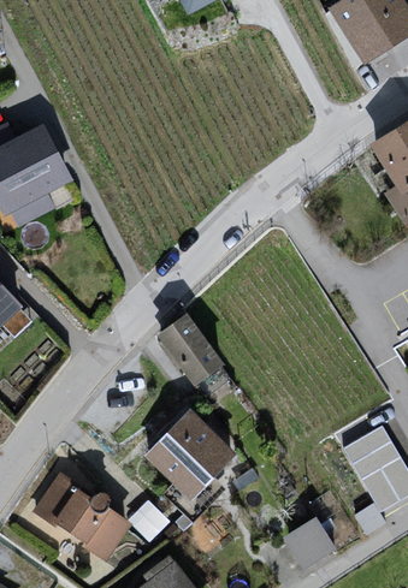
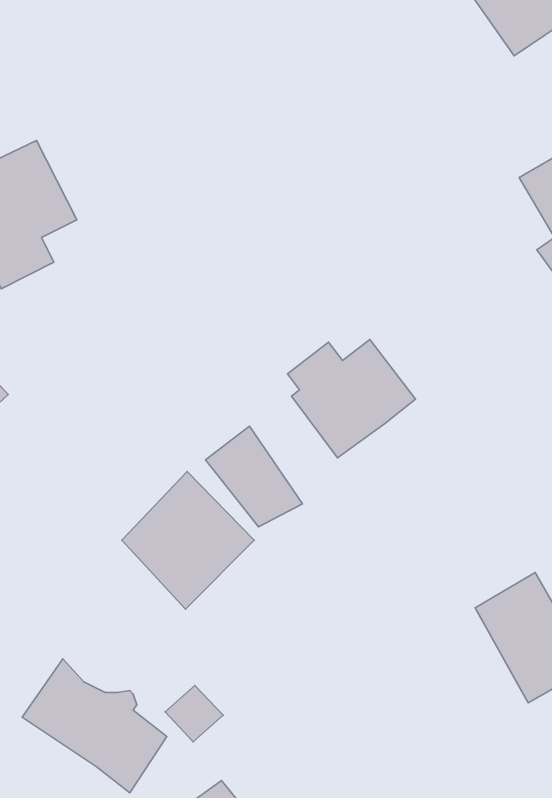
building: none -> [287,339,415,458]
building: [148,414,238,507] -> [122,472,254,609]
building: [283,507,336,560] -> none

